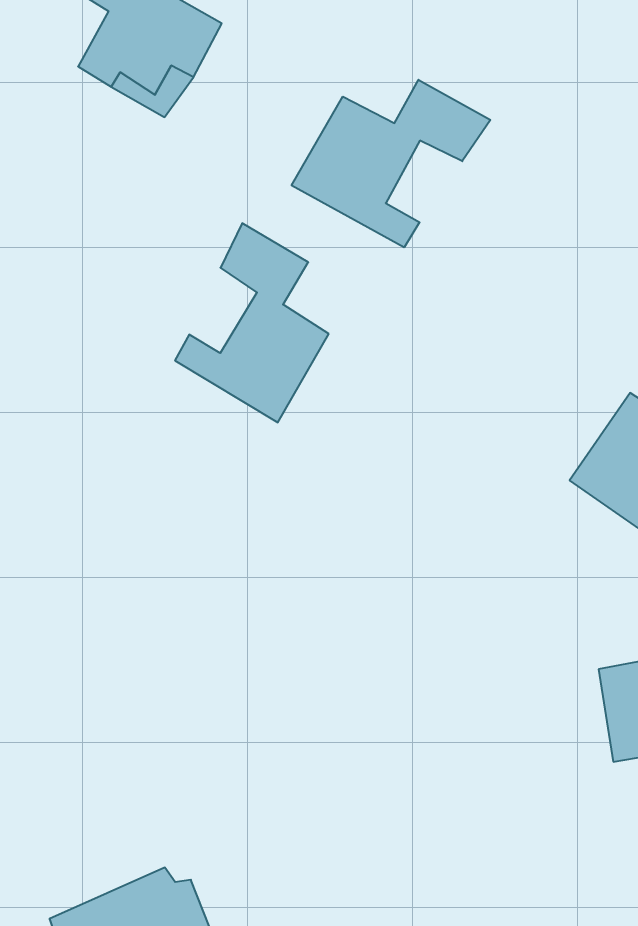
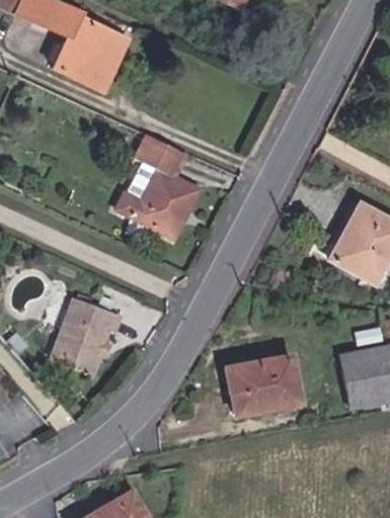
building: [292,80,490,247] -> none
building: none -> [46,294,121,369]
building: none -> [235,350,307,410]

